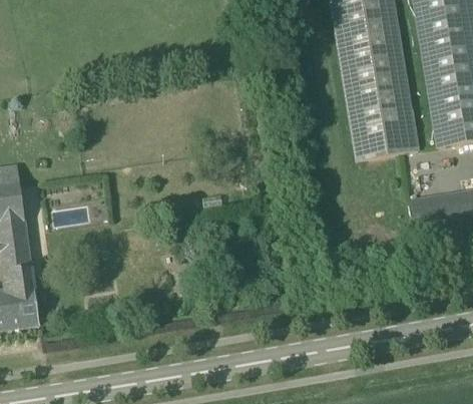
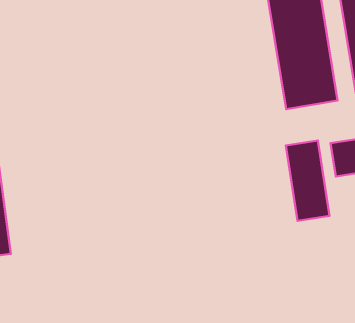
building: none -> [286,141,330,221]

